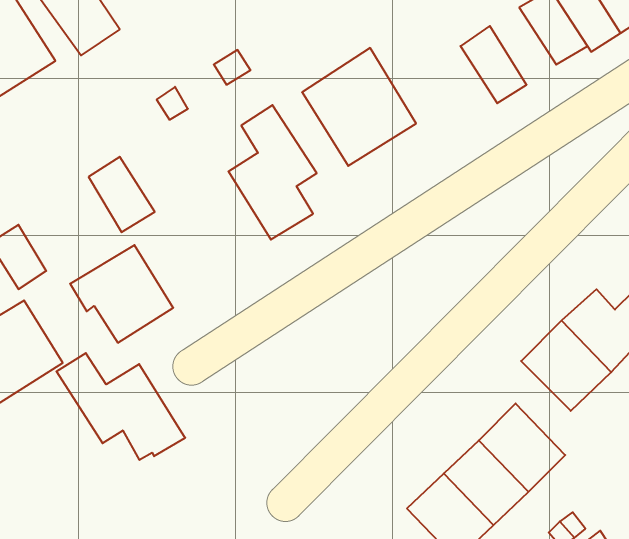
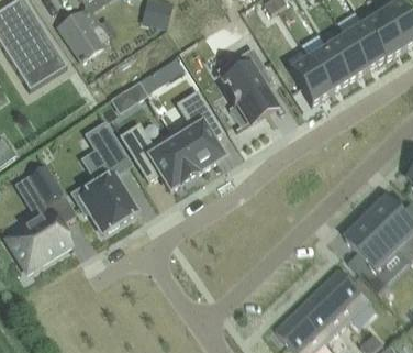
building: none -> [326,33,366,79]
building: none -> [290,56,331,102]
building: [56,353,185,460] -> [121,124,198,188]

